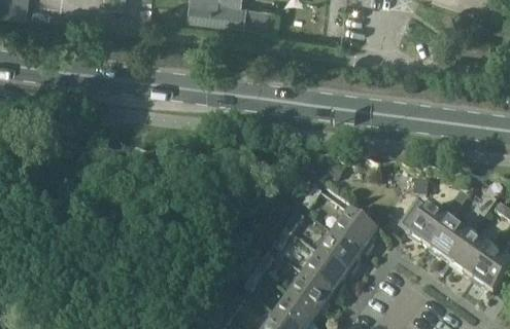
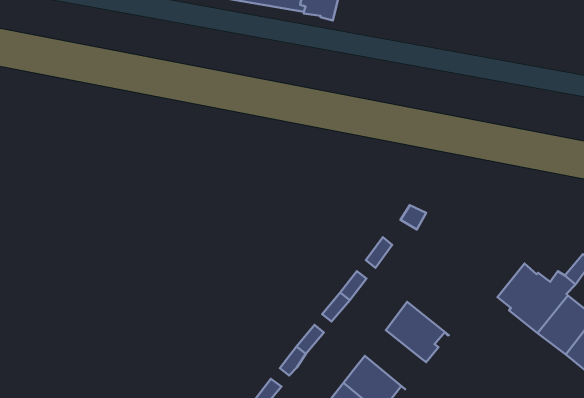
building: [332,213,375,256] -> none
building: [303,255,345,297] -> none

